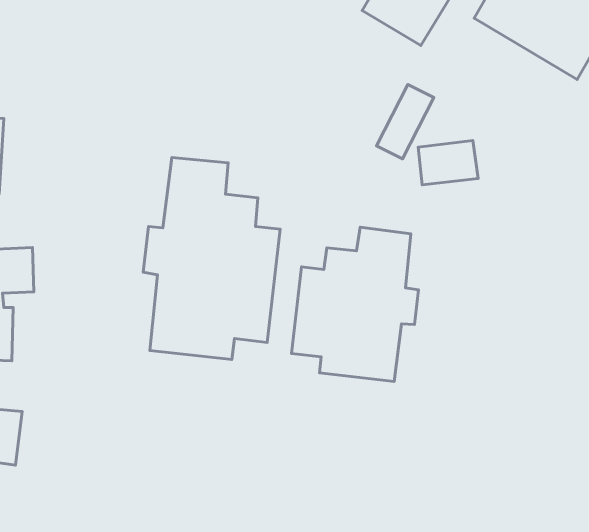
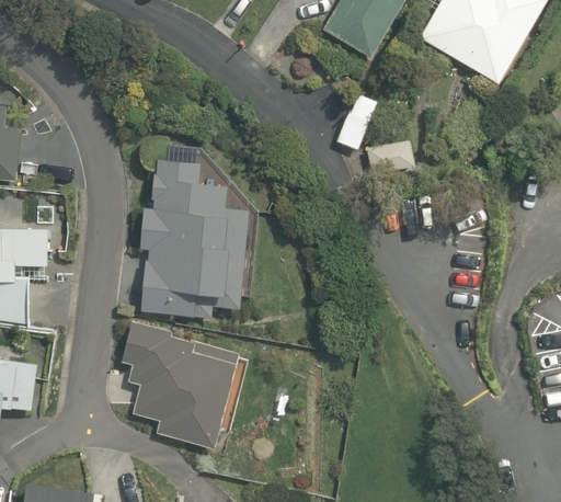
building: [292,227,419,381] -> none
building: none -> [116,323,239,450]

